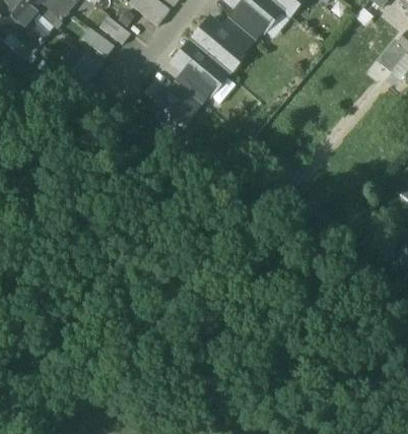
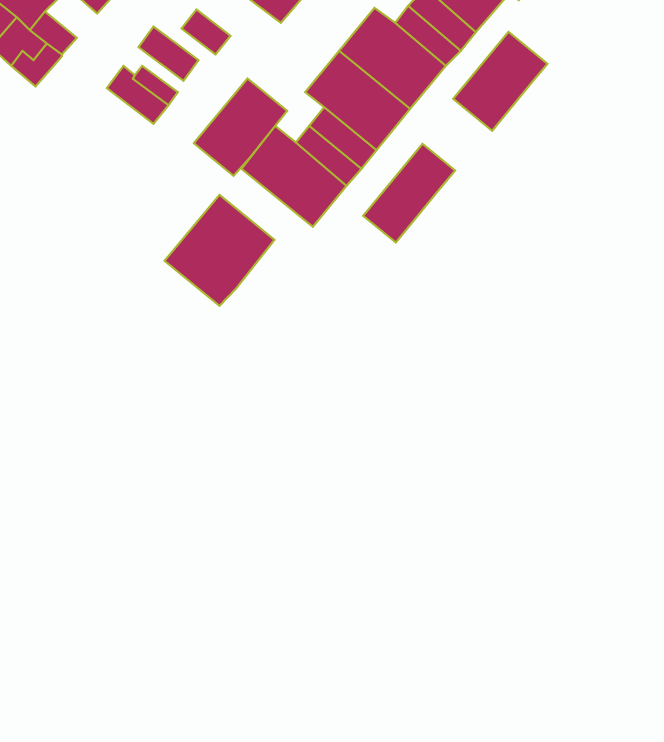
building: none -> [453,32,547,131]
building: none -> [194,79,287,176]
building: none -> [363,144,455,243]
building: none -> [164,195,274,306]

